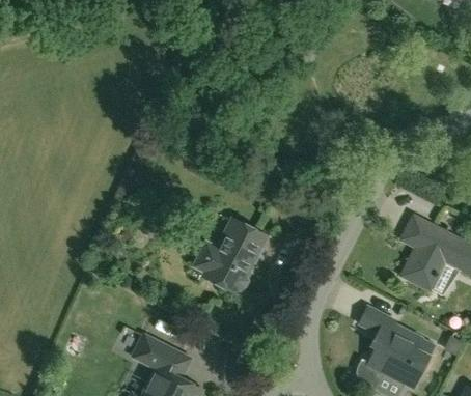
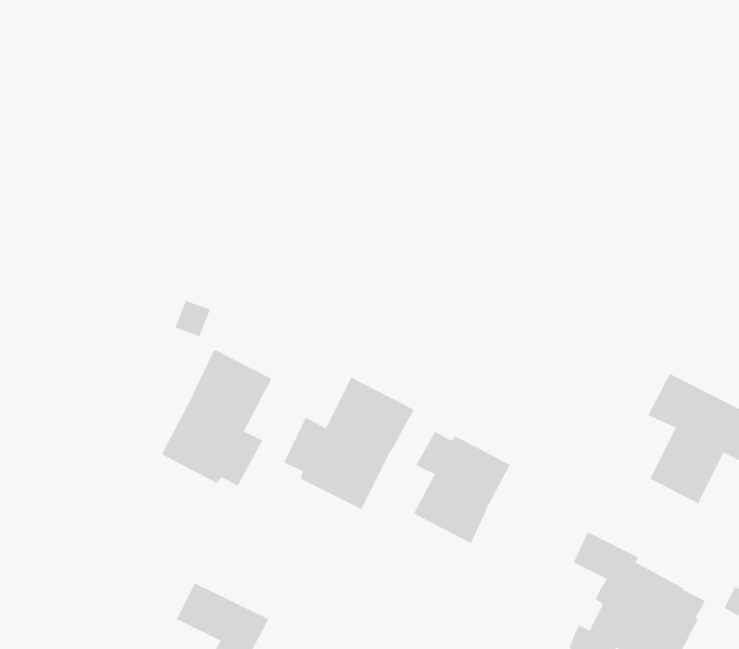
building: none -> [161,349,272,487]
building: none -> [413,431,510,544]

